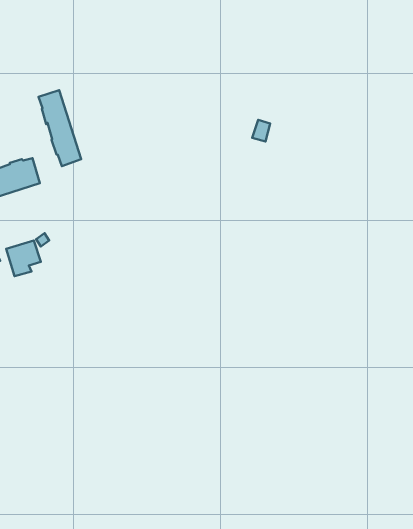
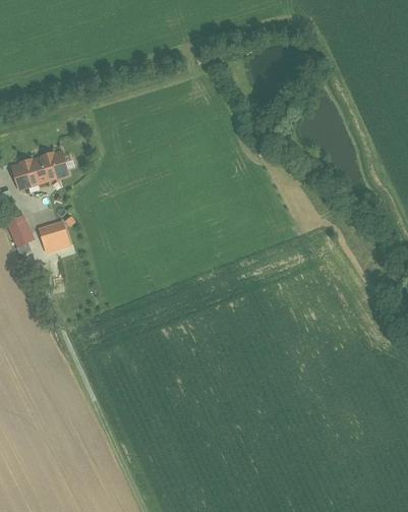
building: [39,90,81,166] -> none

